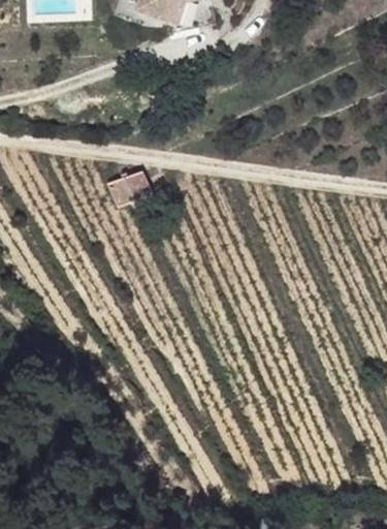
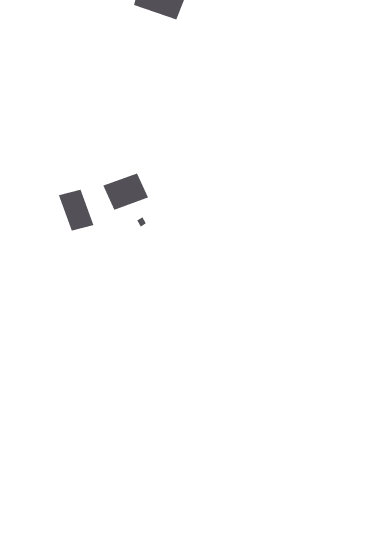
building: none -> [58,189,95,232]

